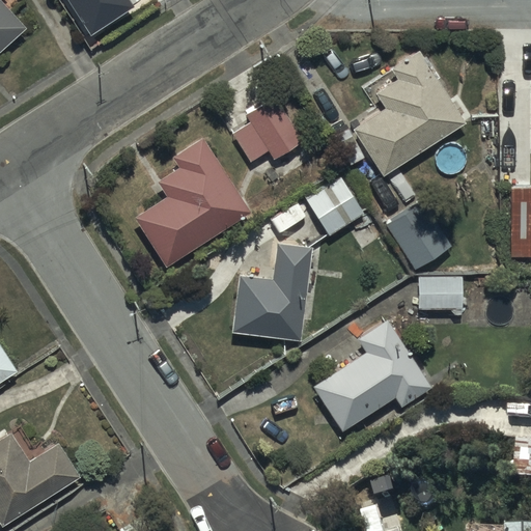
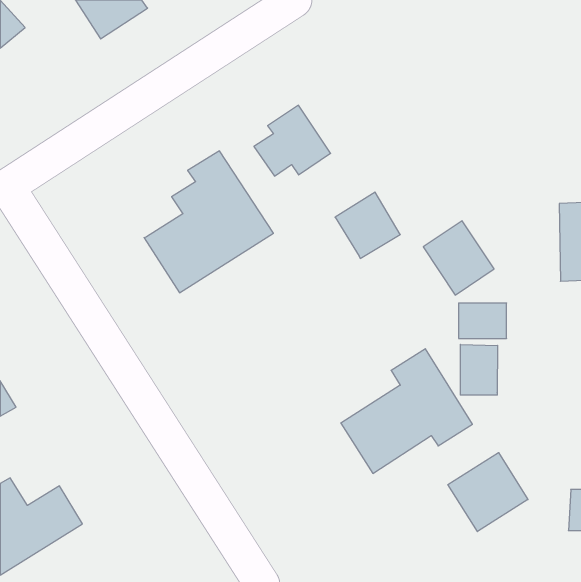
building: [345,49,469,176] -> none
building: [233,243,310,338] -> none
building: none -> [460,344,498,395]
building: none -> [448,453,528,532]

